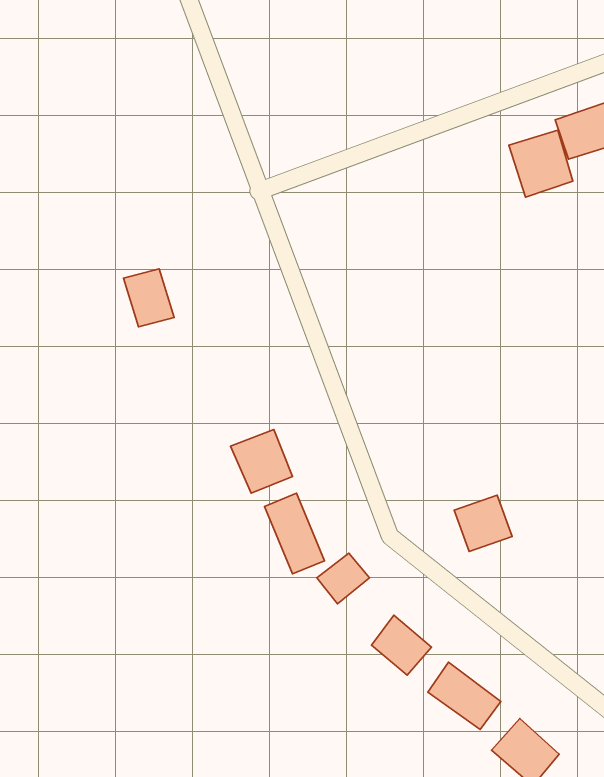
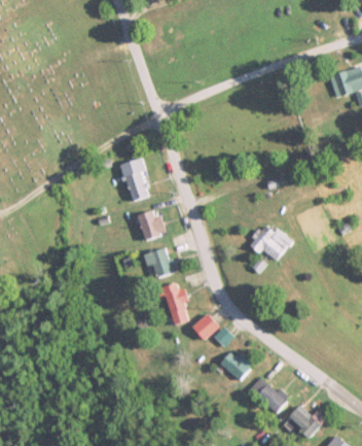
building: [509,130,573,197] -> none
building: [123,269,174,327] -> [123,169,151,201]
building: none -> [136,207,167,240]
building: [454,495,512,552] -> [253,228,285,259]

